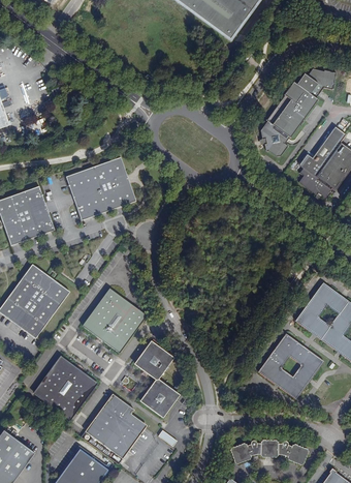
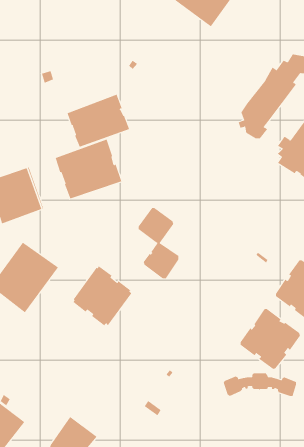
building: none -> [67,94,130,148]
building: [135,341,179,416] -> [138,207,179,279]
building: [36,357,97,419] -> none
building: [88,395,146,456] -> none
building: [230,439,308,463] -> [223,373,297,397]

